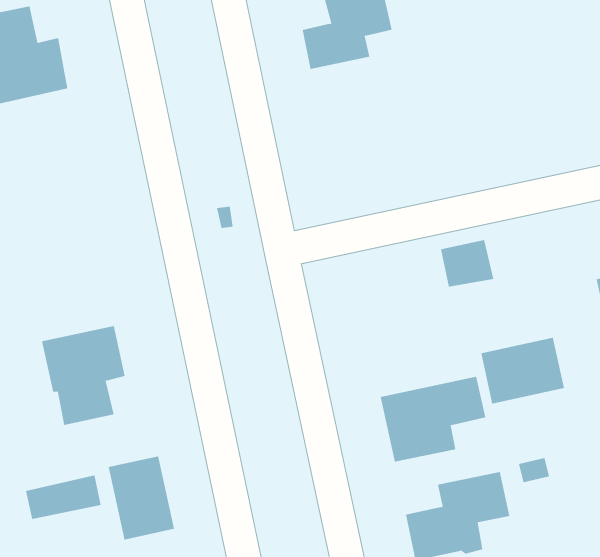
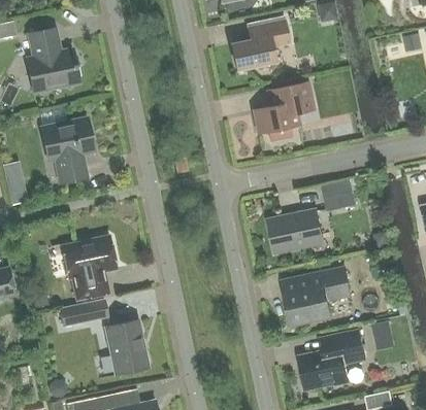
building: none -> [254,82,313,140]
building: none -> [41,117,95,182]
building: [480,337,565,404] -> [268,209,323,252]
building: [25,475,102,519] -> [59,298,108,327]

